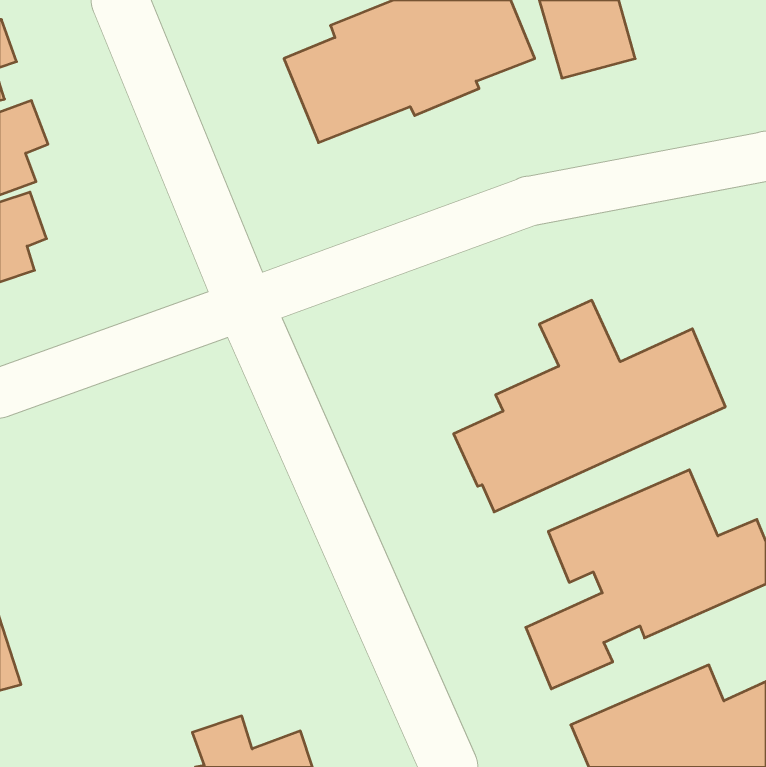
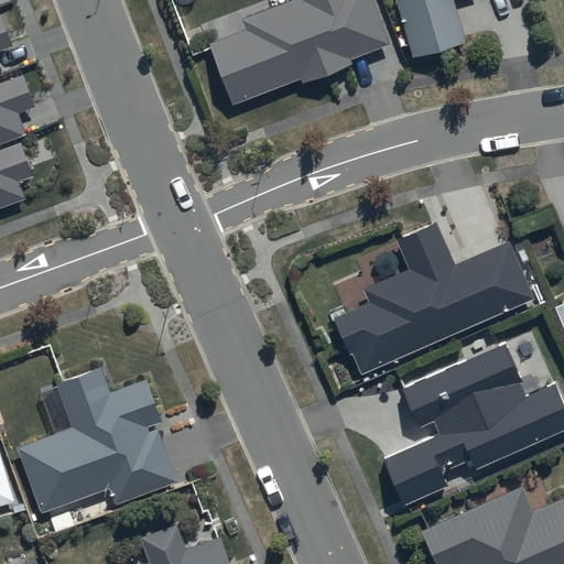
building: none -> [17,368,177,514]

